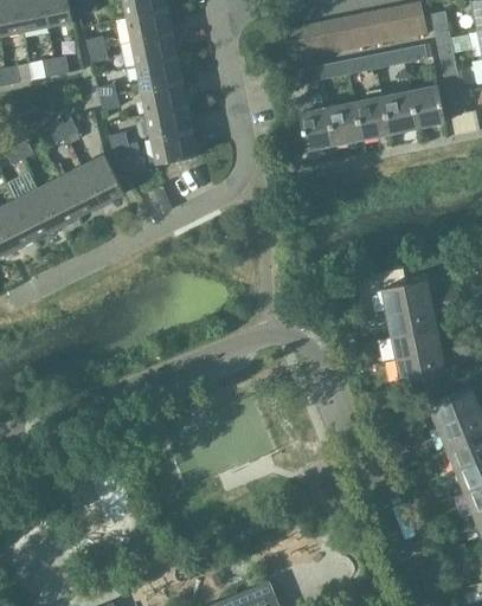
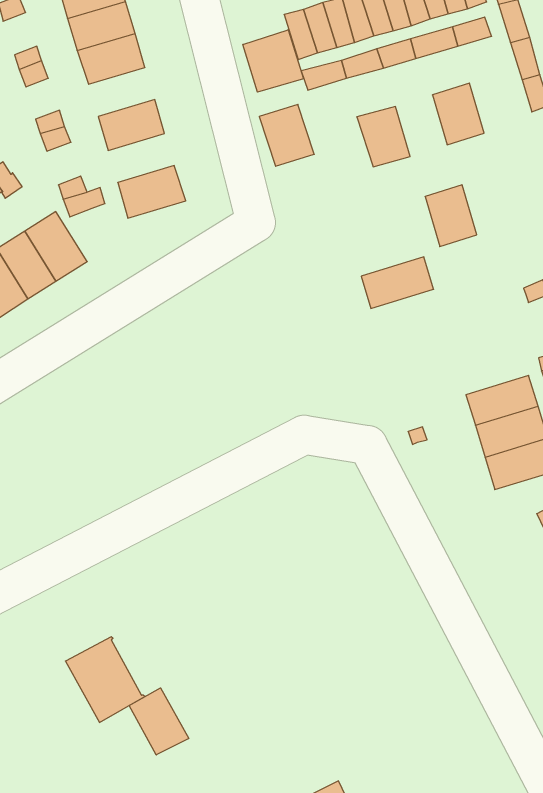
building: none -> [243,30,303,92]
building: [136,58,182,90] -> none
building: [409,85,444,128] -> none
building: [354,97,388,140] -> [425,185,477,247]
building: [146,107,192,138] -> none
building: [297,108,334,150] -> [259,104,314,166]
building: [380,281,431,314] -> [361,257,434,308]
building: none -> [129,688,189,755]

